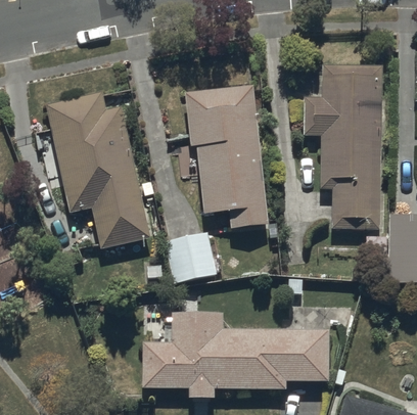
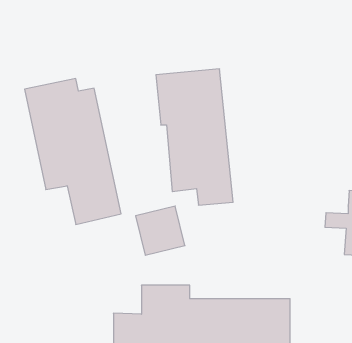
building: [305,65,388,228] -> none

